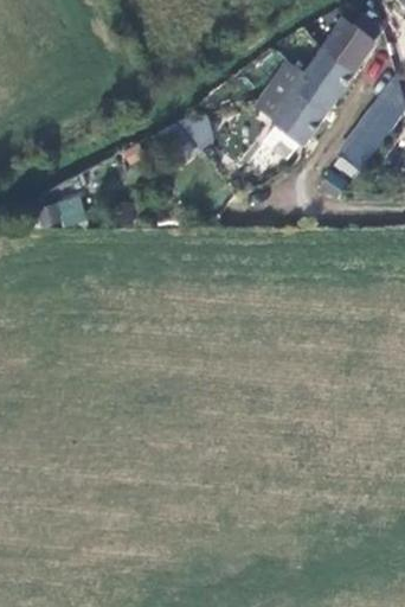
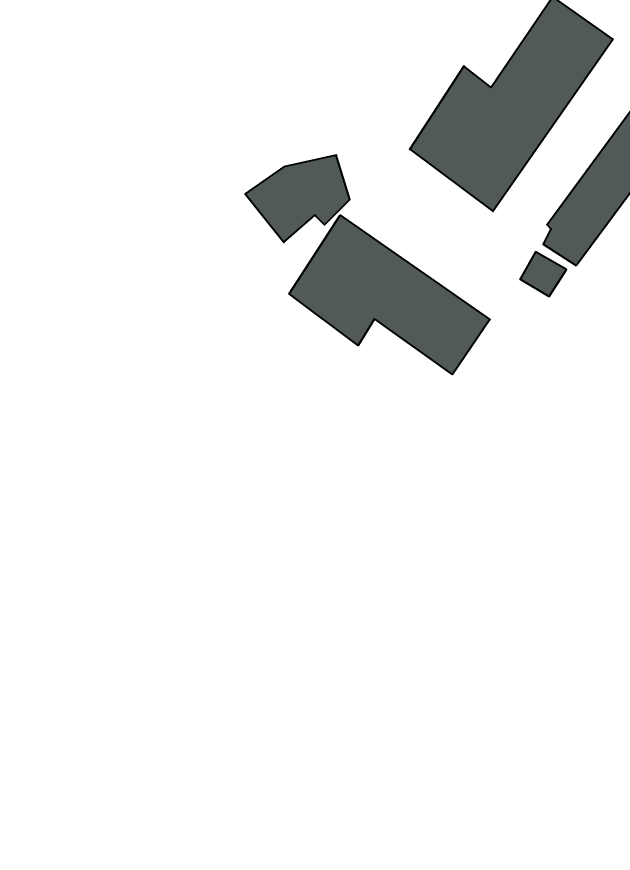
building: none -> [289,215,490,374]
building: [37,191,89,228] -> none

